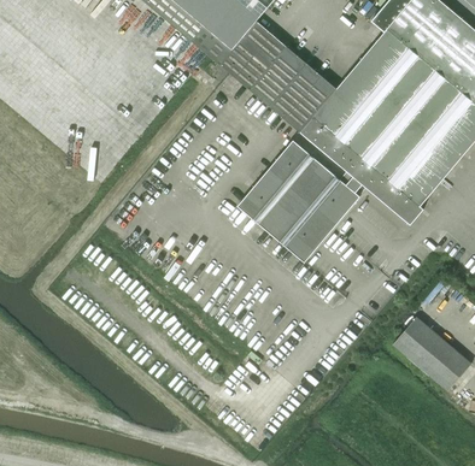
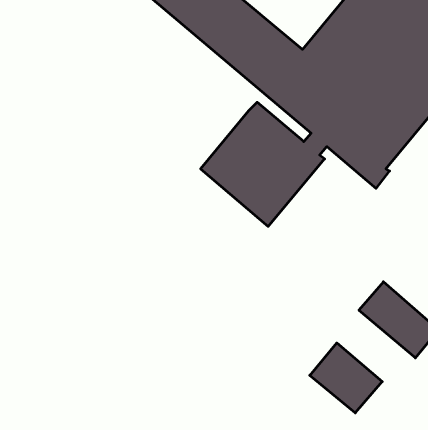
building: none -> [310,343,382,413]

